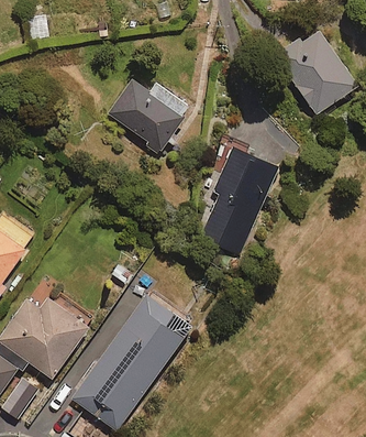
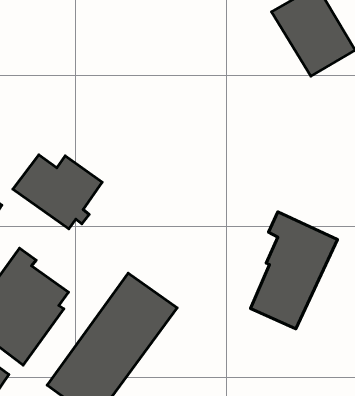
building: [109,81,191,150] -> [13,155,102,229]
building: [199,143,279,251] -> [250,212,338,329]

